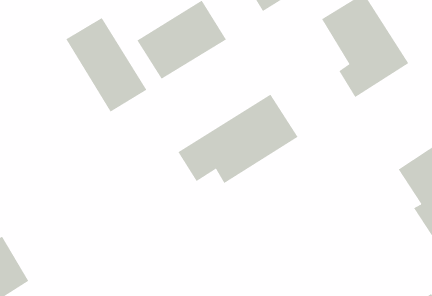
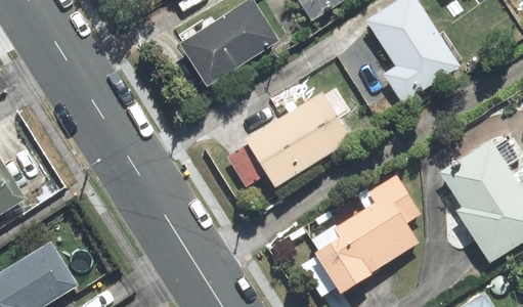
building: [65,17,147,113] -> none
building: none -> [313,181,417,291]

